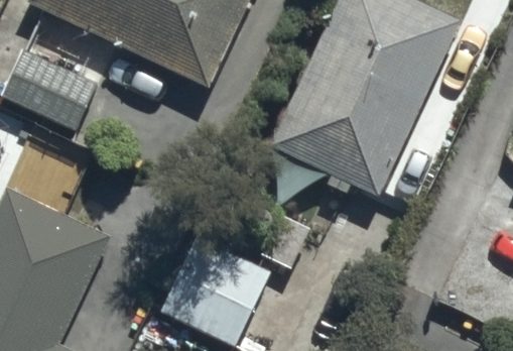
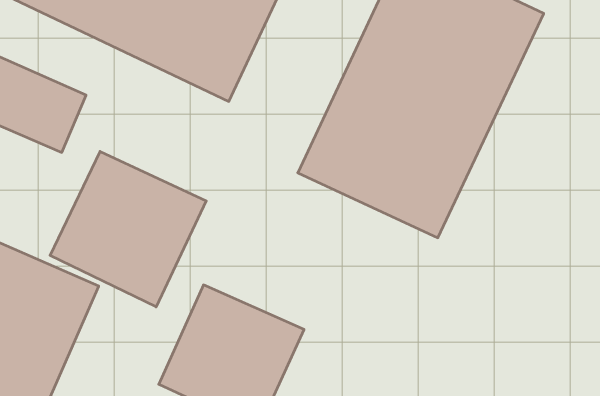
building: none -> [50,151,206,307]

